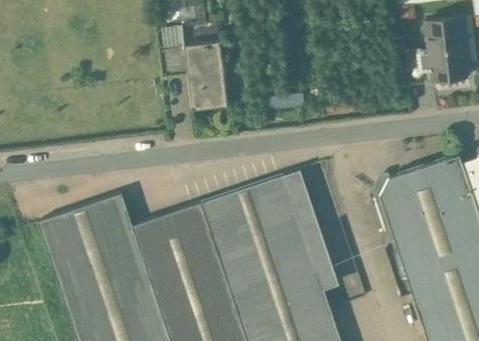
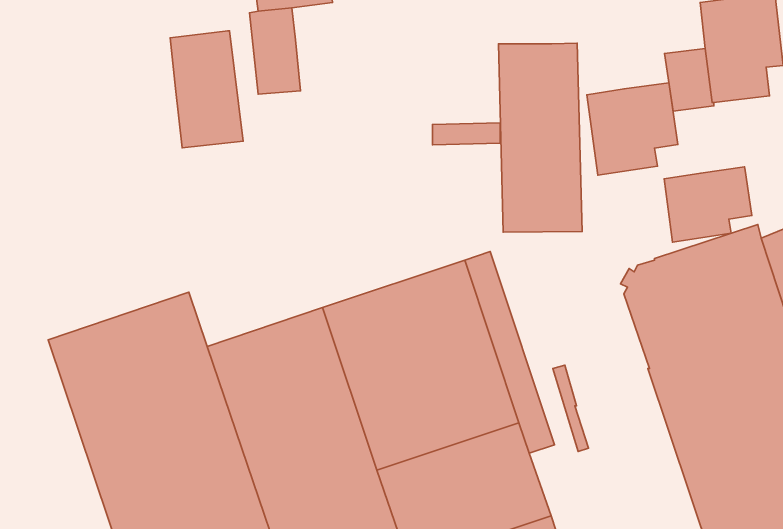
building: [185,39,228,109] -> [170,31,243,148]
building: none -> [498,43,582,232]
building: none -> [587,83,678,175]
building: none -> [664,167,752,242]

